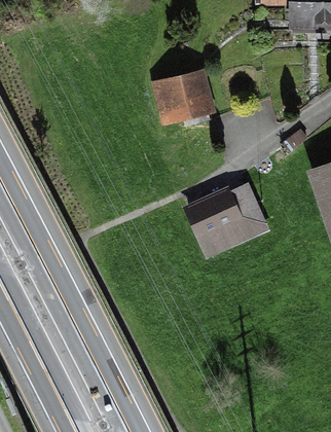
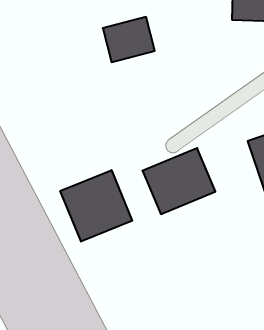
building: [154,72,216,125] -> [103,17,155,62]
building: none -> [60,170,132,242]

